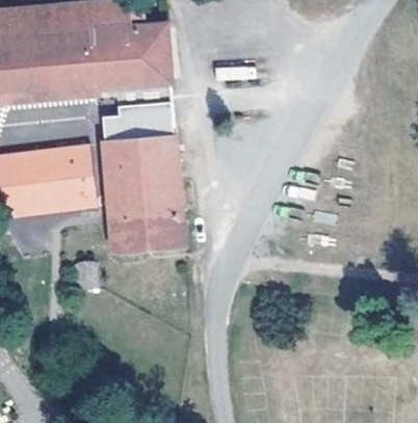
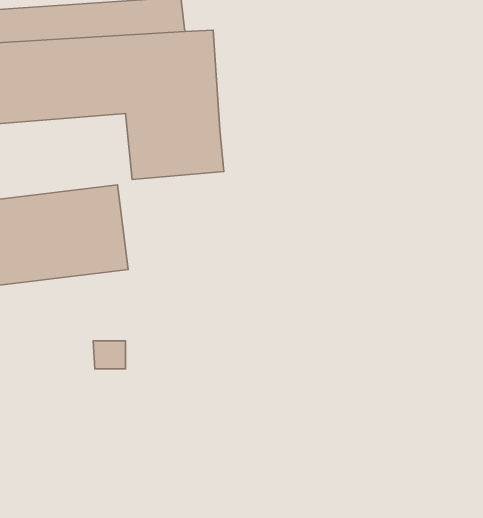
building: [103,134,182,253] -> none

